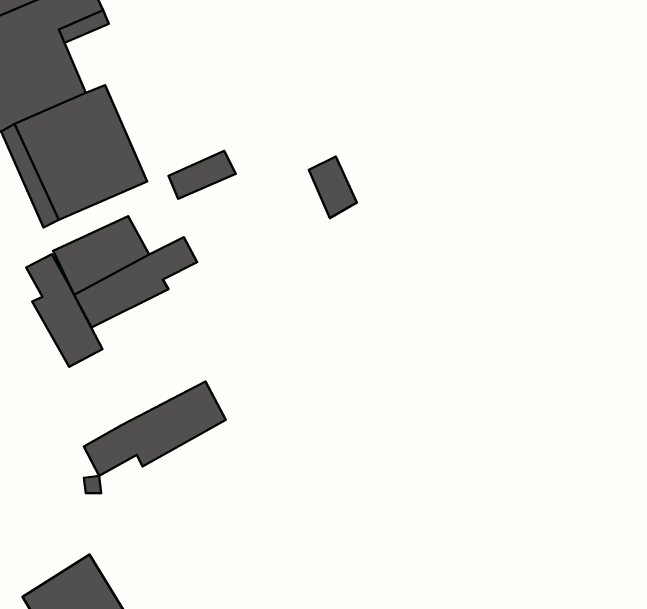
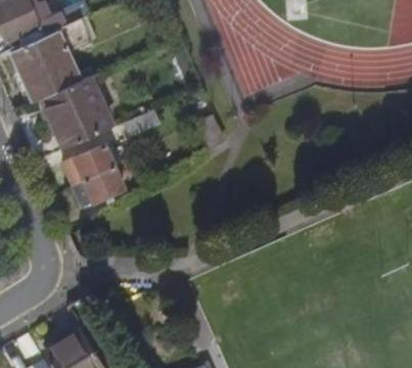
building: [26,254,102,367] -> none
building: [84,382,226,476] -> none

